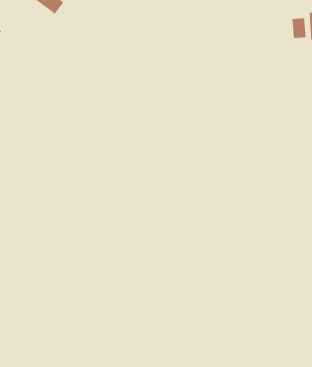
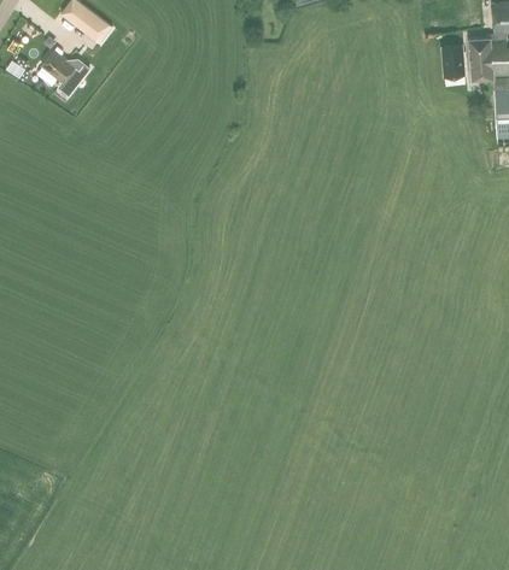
building: none -> [41,51,75,83]

